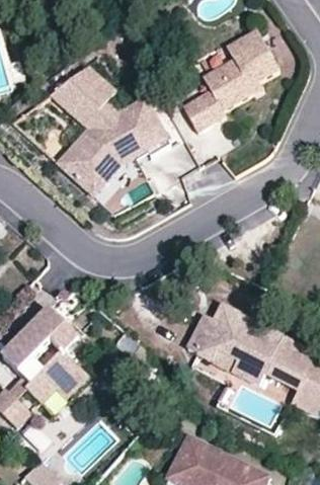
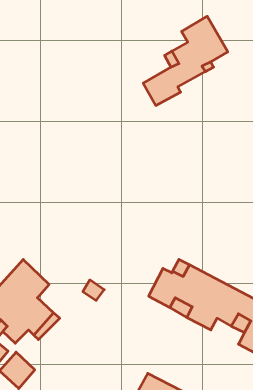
building: [52,68,168,215] -> none

